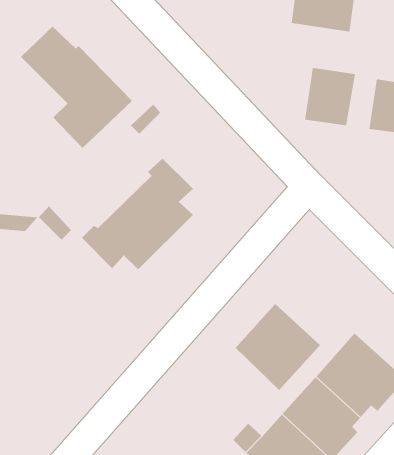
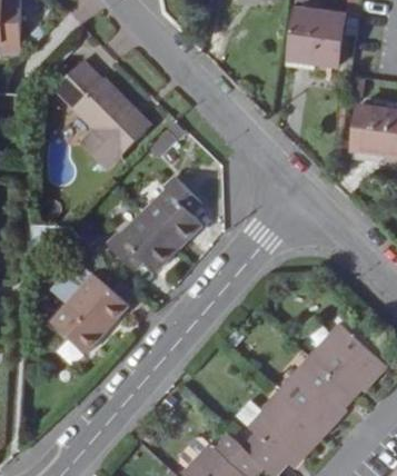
building: [305,67,355,126] -> none
building: none -> [48,274,127,351]
building: [235,303,321,391] -> none

